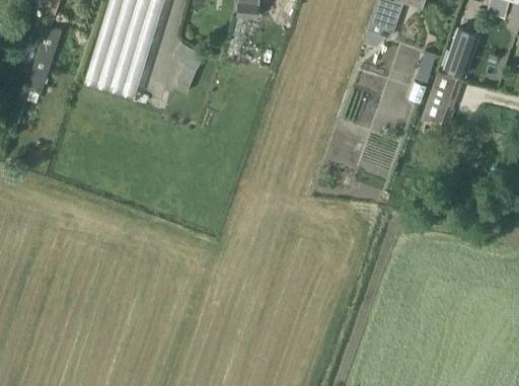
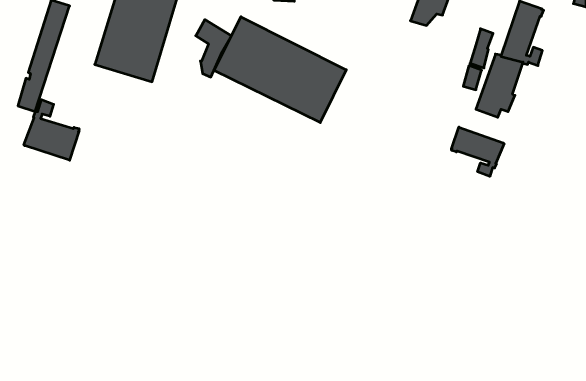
building: none -> [214,17,346,123]
building: none -> [24,100,79,160]
building: none -> [451,127,504,176]

